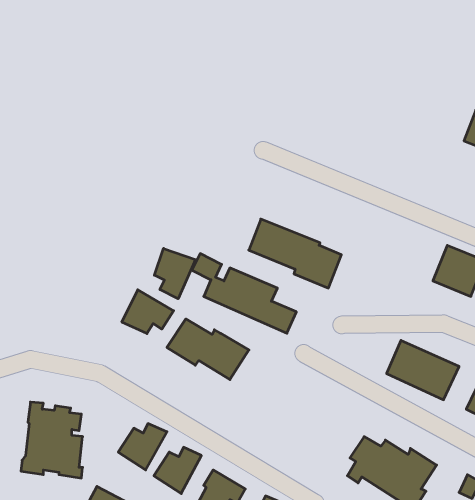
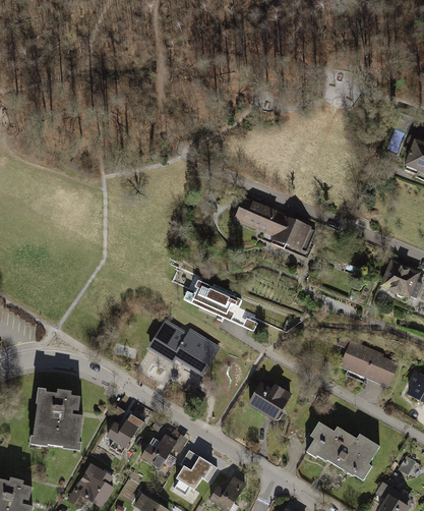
building: [249,219,341,288] -> [234,193,313,252]
building: [154,248,196,299] -> none
building: [122,290,174,334] -> none
building: none -> [245,381,292,424]

